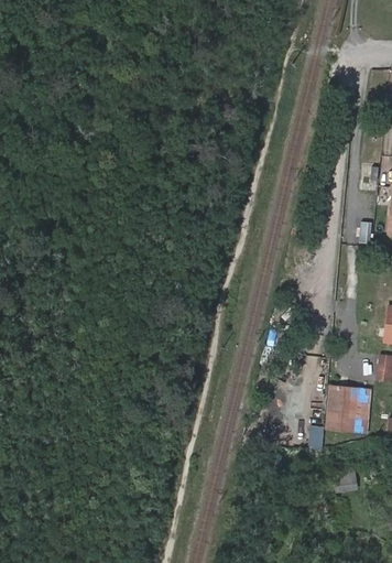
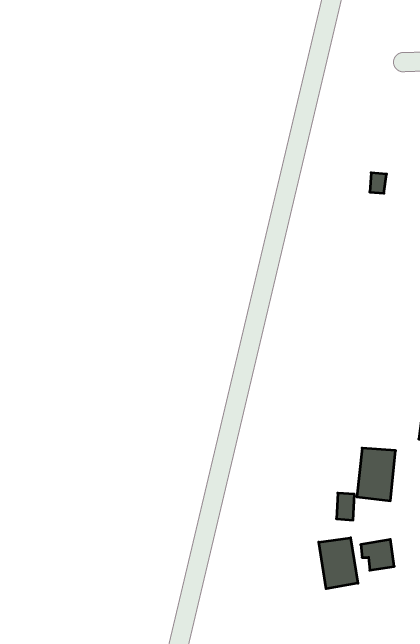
building: none -> [319,538,358,589]

